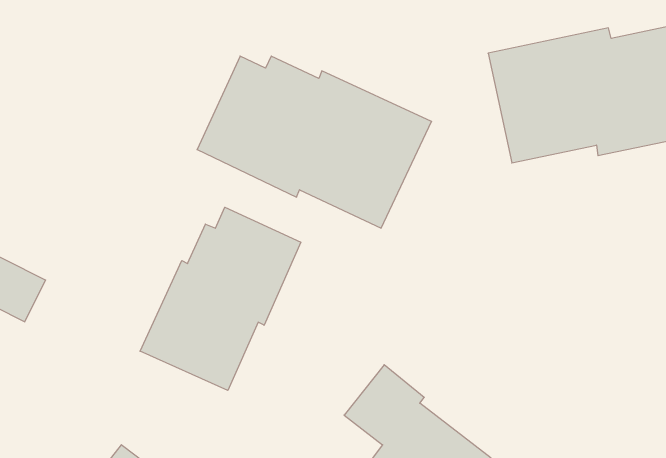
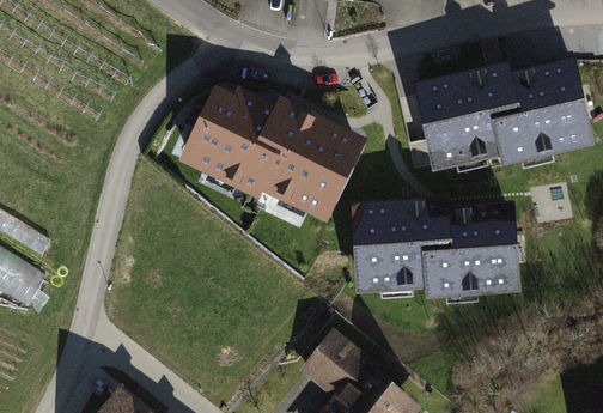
building: none -> [352,195,523,298]
building: [140,207,301,390] -> none

